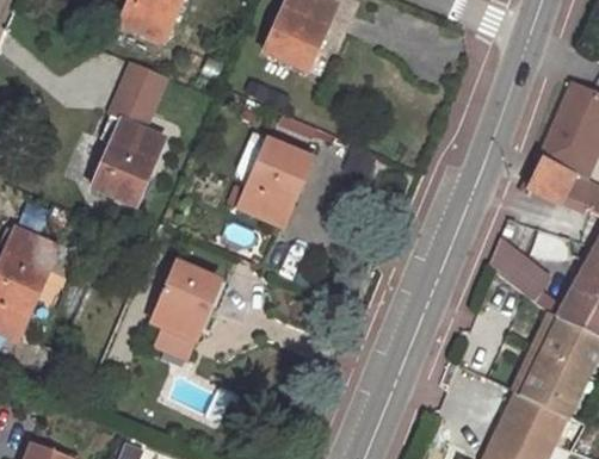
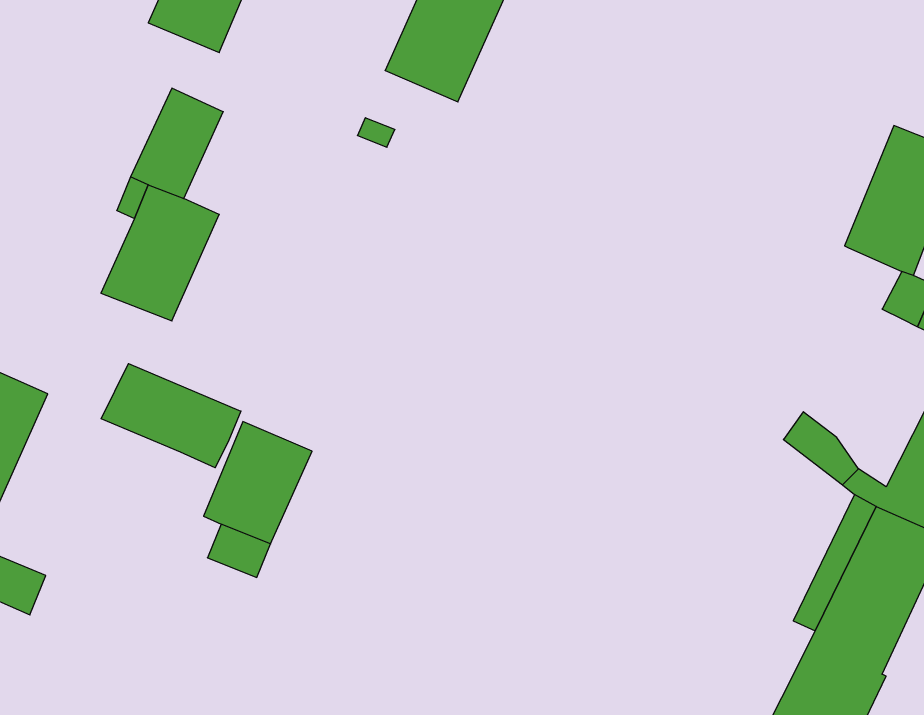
building: [229,132,310,222] -> none
building: [527,157,575,209] -> none
building: none -> [101,364,241,468]

